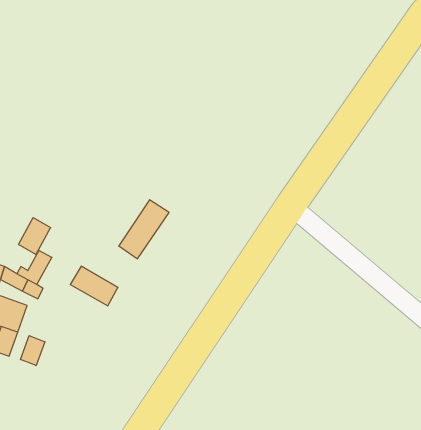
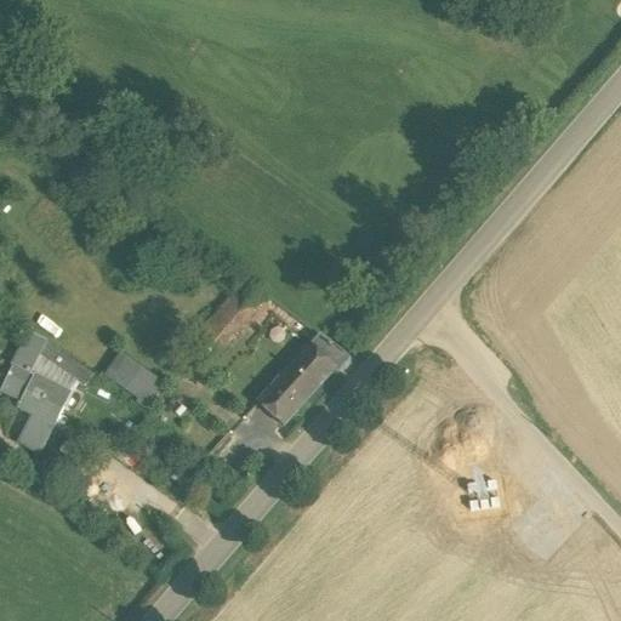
building: [19,218,51,255] -> none
building: none -> [255,332,349,425]
building: [21,336,45,366] -> none

